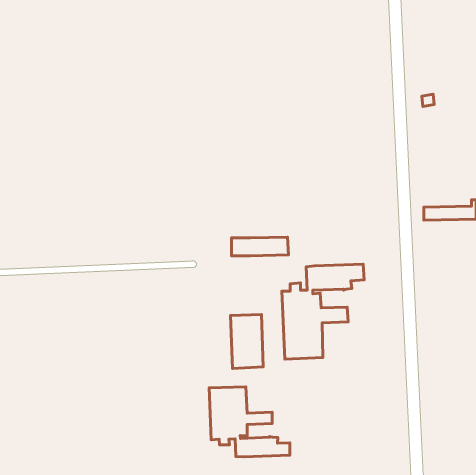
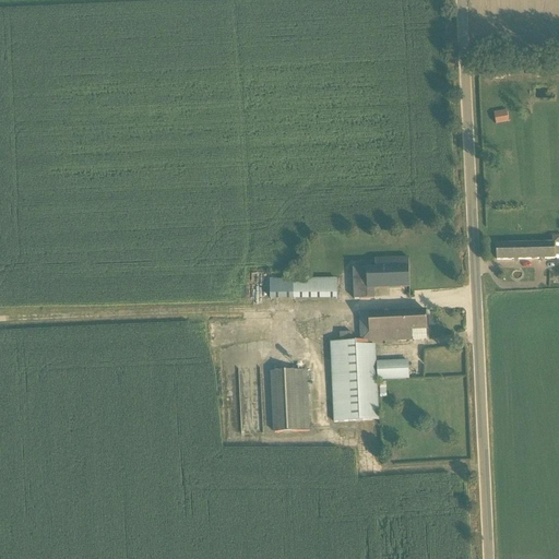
building: none -> [352,255,408,297]
building: [209,387,290,457] -> none

